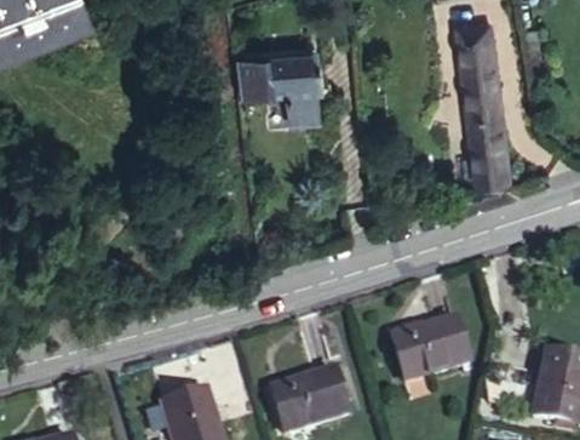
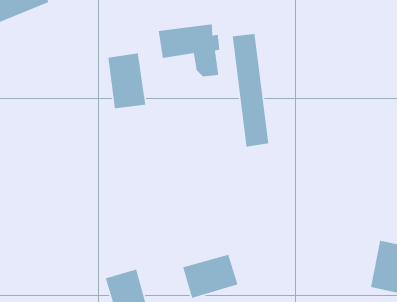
building: [458,24,510,184] -> [232,33,269,147]
building: none -> [108,53,146,109]
building: [391,318,470,382] -> none

